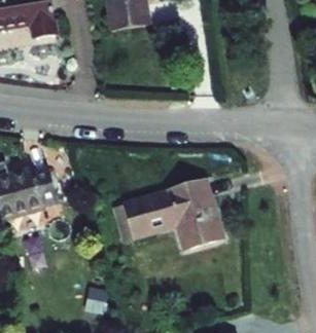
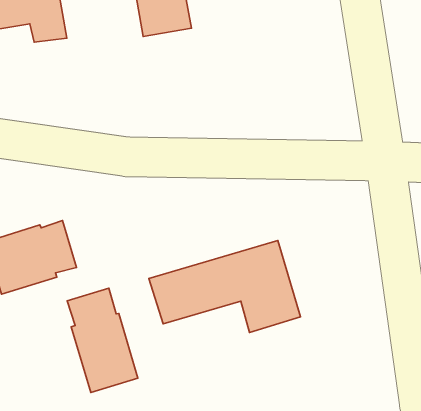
building: none -> [67,288,138,393]

